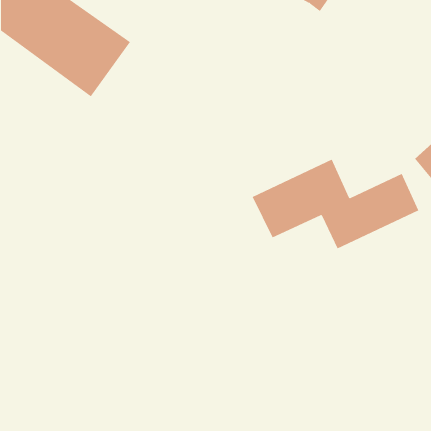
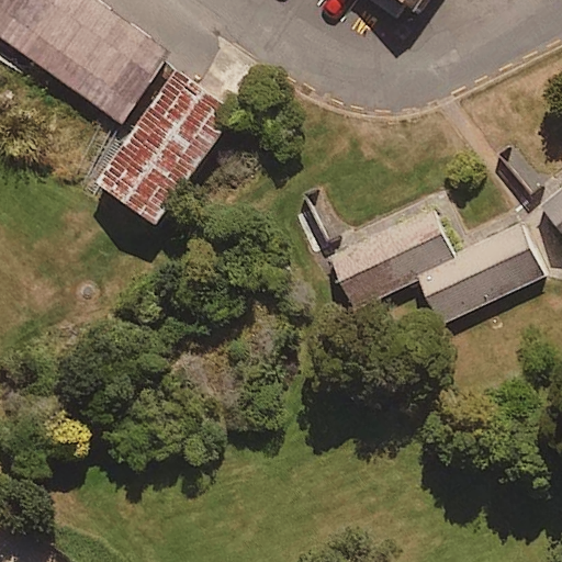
building: none -> [94,67,234,220]

